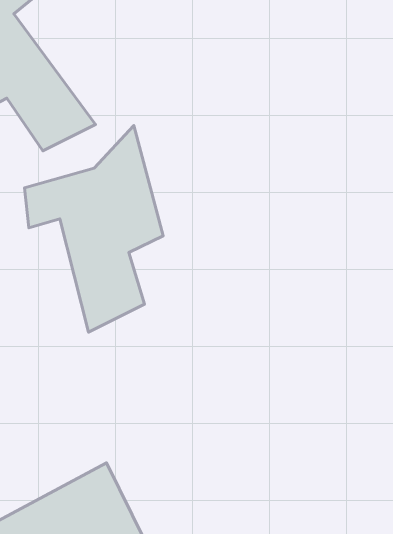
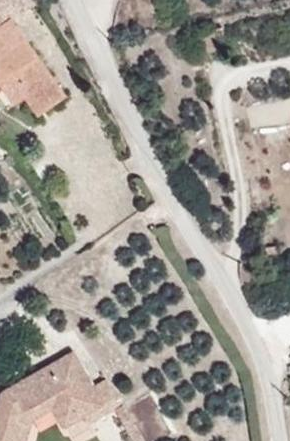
building: [24,126,163,332] -> none

